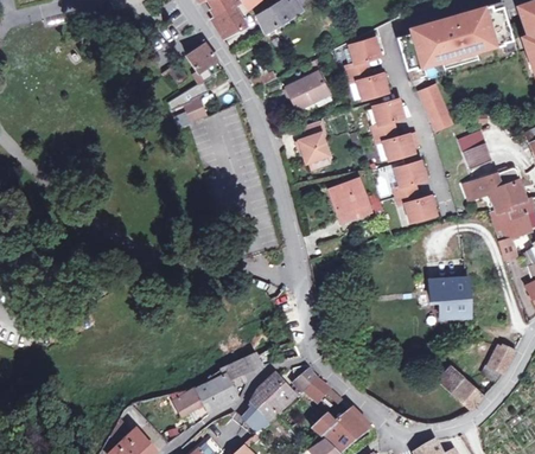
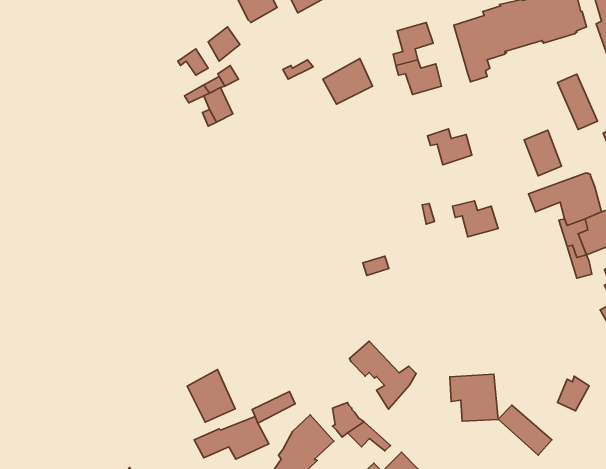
building: [419,84,453,132] -> [557,74,597,130]
building: [371,100,403,135] -> none
building: [298,119,327,161] -> none
building: [394,160,425,196] -> none
building: [330,179,367,220] -> none
building: [428,276,470,316] -> [450,374,498,421]
building: none -> [349,341,416,409]
building: none -> [187,370,235,422]

